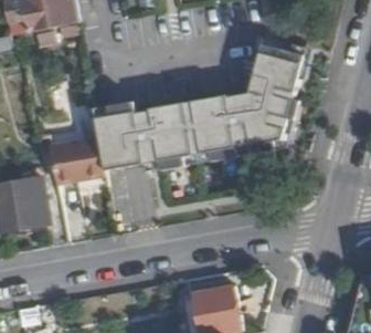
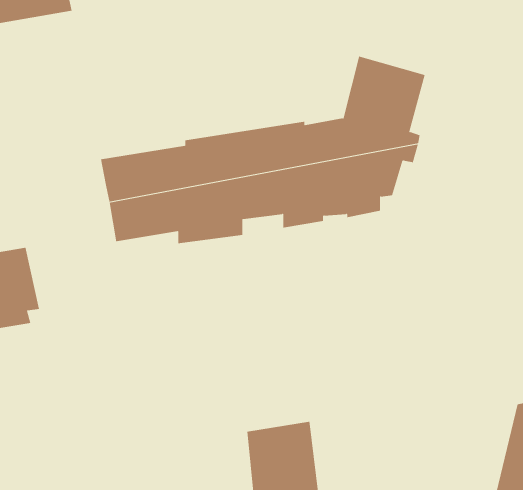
building: [49,134,106,184] -> none

